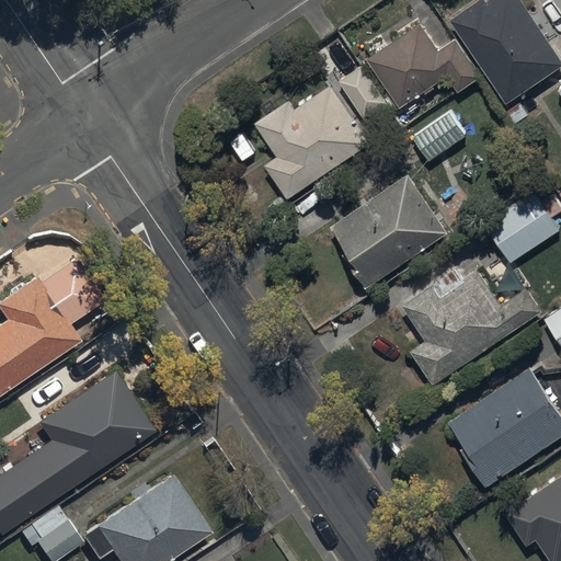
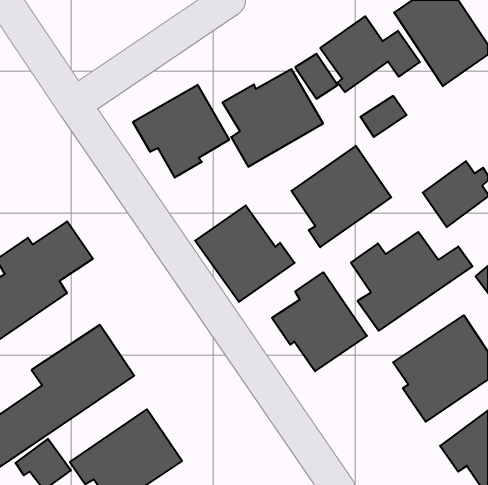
building: none -> [133,85,229,178]
building: none -> [195,205,295,302]
building: none -> [272,272,367,371]

